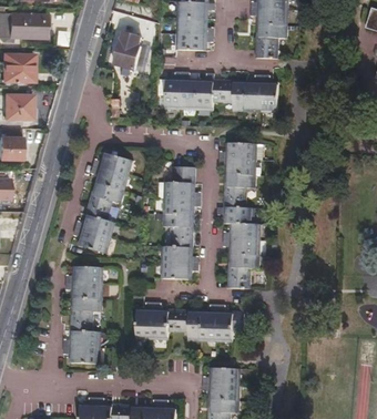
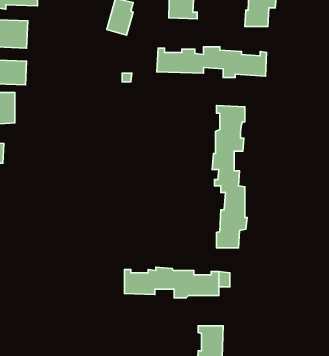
building: [82,151,135,248] -> none
building: [159,163,191,275] -> none
building: [69,263,102,360] -> none

